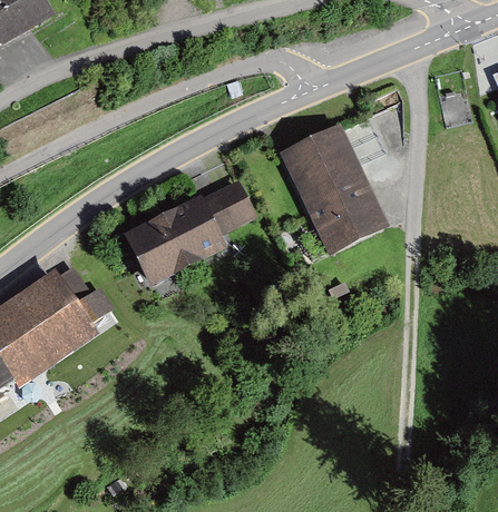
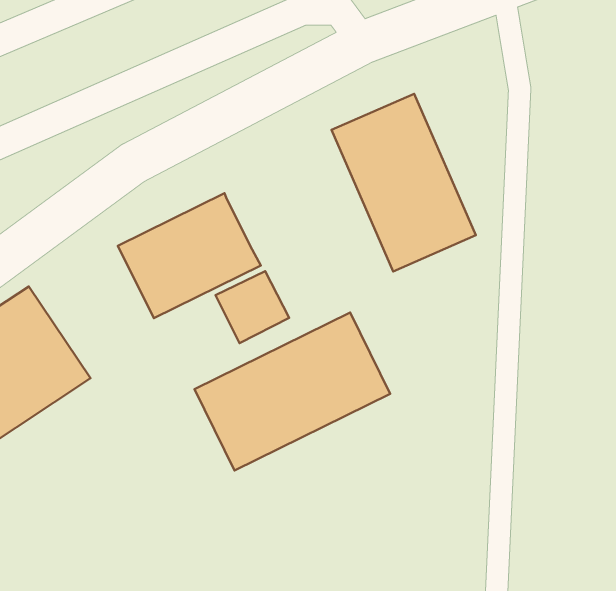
building: [203,179,257,233] -> [215,271,289,343]
building: none -> [195,313,390,471]

